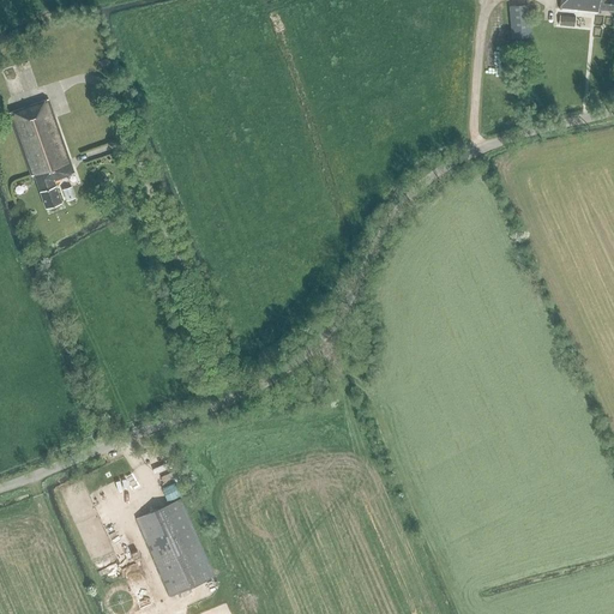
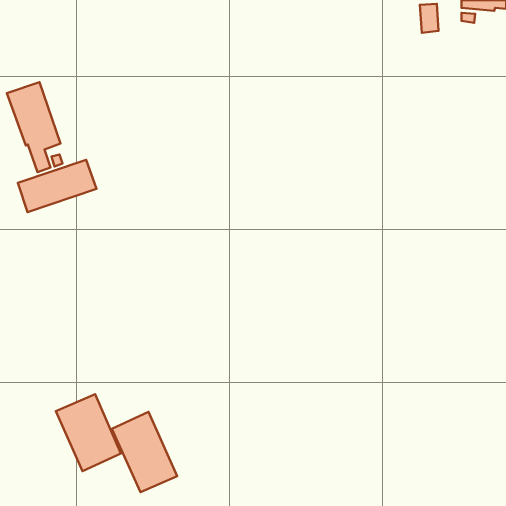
building: none -> [18,160,97,212]
building: none -> [56,394,121,471]

